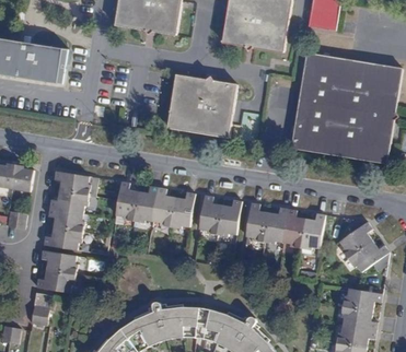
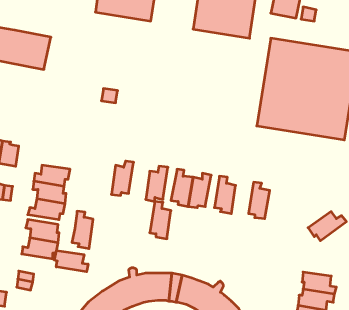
building: [167,75,236,138] -> none
building: [54,171,91,195] -> none
building: [115,181,138,222] -> [72,211,93,249]
building: [152,187,175,227] -> [150,201,171,239]
building: [264,207,288,244] -> none
building: [300,213,325,250] -> none
building: [338,221,372,258] -> none
building: none -> [54,251,88,272]
building: [341,288,382,310] -> none

